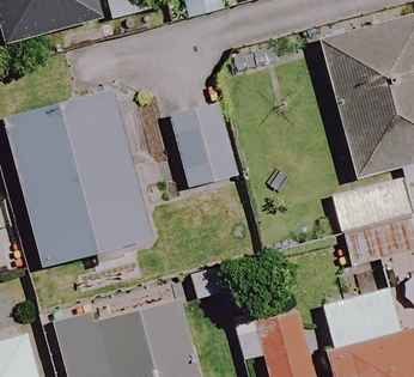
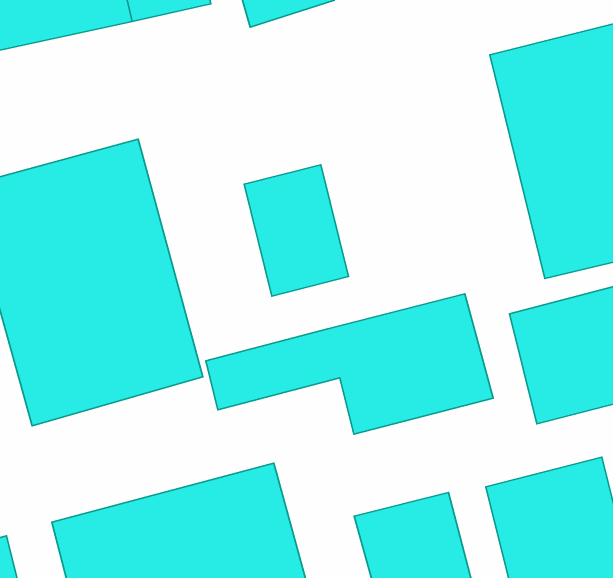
building: none -> [206,294,493,434]

